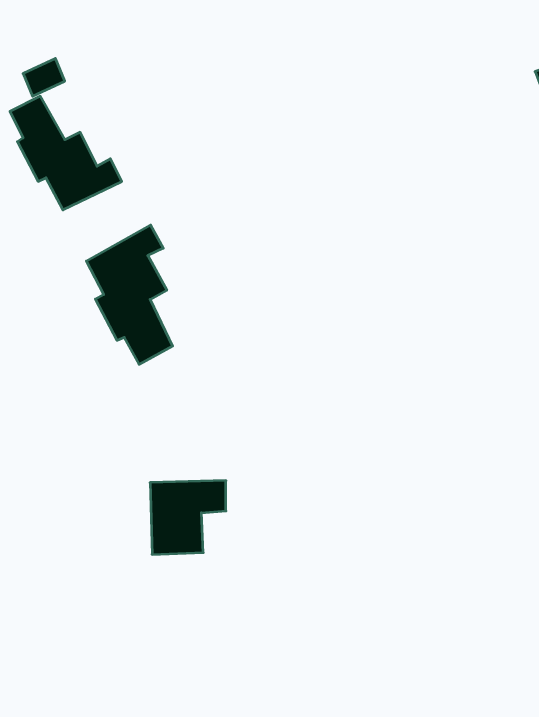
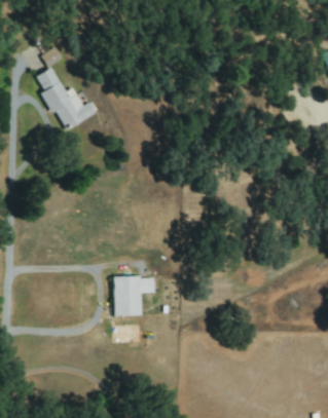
building: [86,225,173,364] -> none

